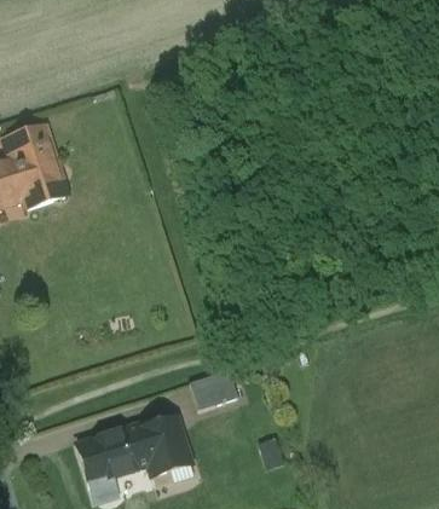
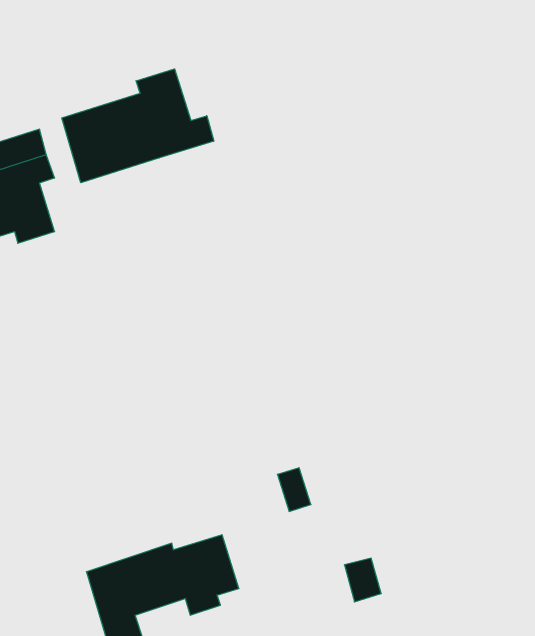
building: none -> [62,69,214,183]
building: [191,374,225,409] -> none

